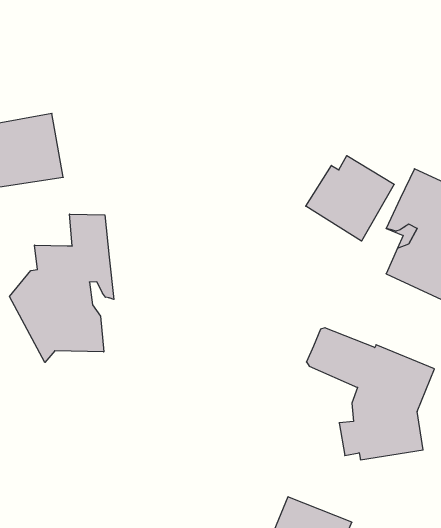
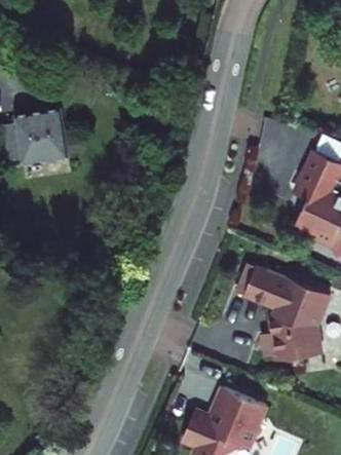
building: [306,156,394,241] -> none
building: [10,214,114,362] -> none

